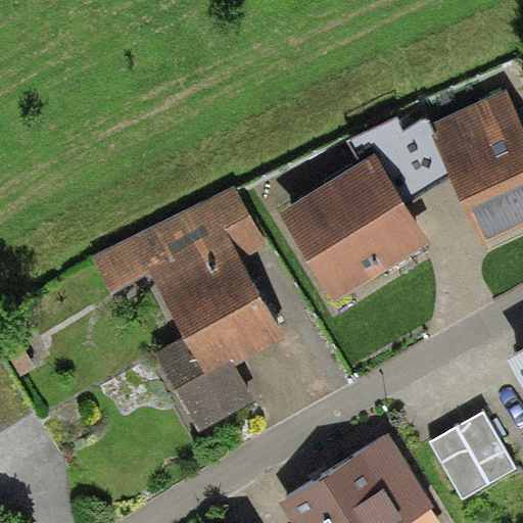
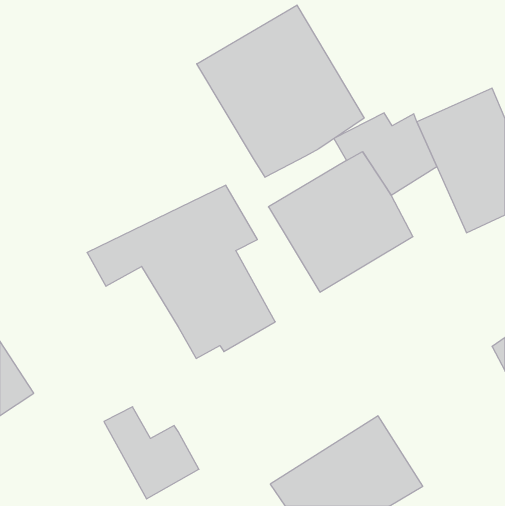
building: none -> [197,5,364,177]
building: [154,337,252,432] -> [104,407,199,499]
building: [427,411,514,498] -> none

